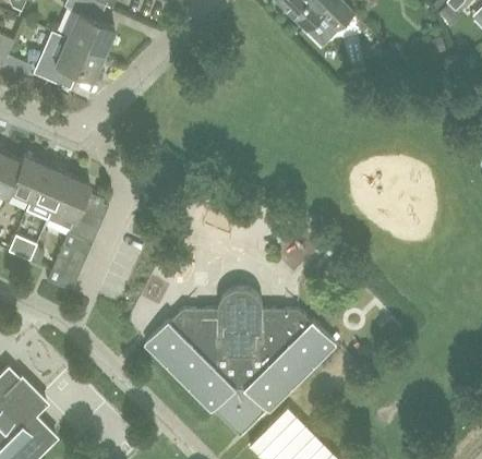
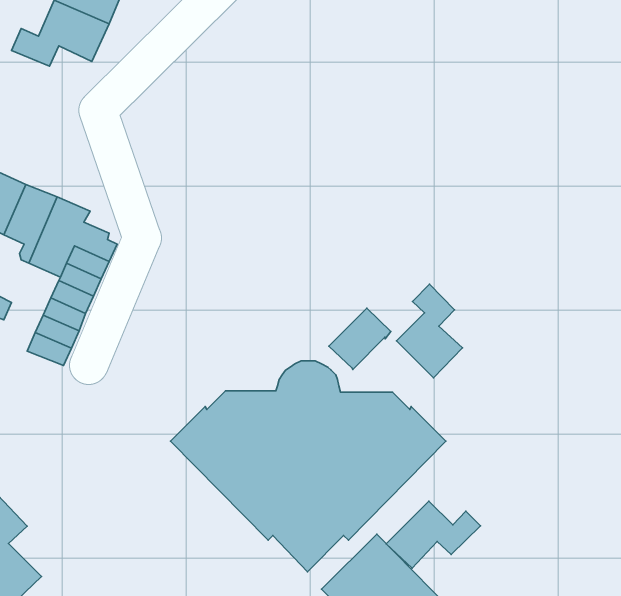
building: none -> [397,284,462,378]
building: none -> [329,308,391,370]
building: none -> [386,501,480,568]

